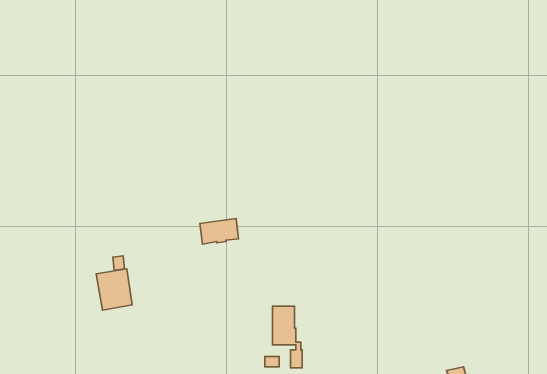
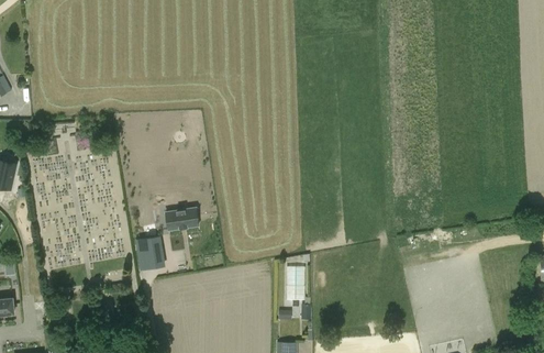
building: [200,218,239,244] -> [165,208,198,230]

